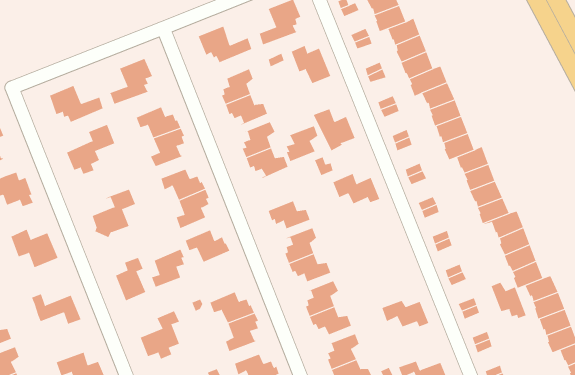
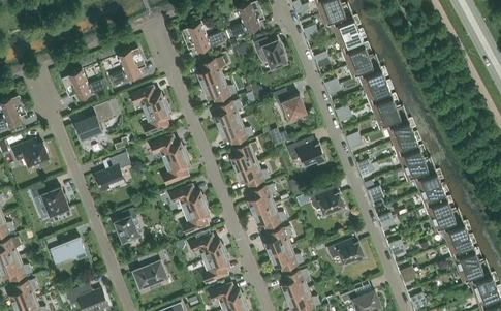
building: [286,126,318,162] -> [233,142,259,170]
building: none -> [310,190,346,215]
building: [151,249,185,288] -> [183,203,210,234]
building: [491,282,526,319] -> none

